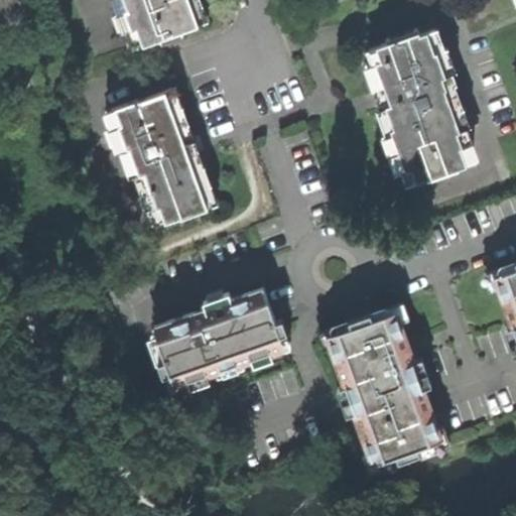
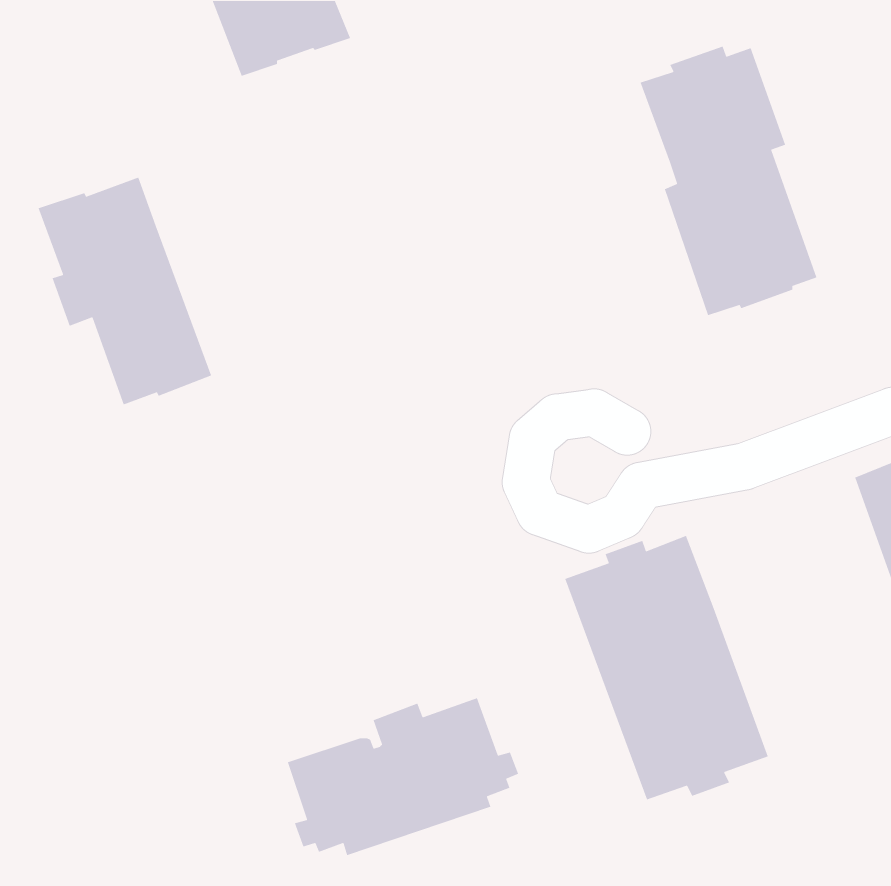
building: [113,93,214,225] -> [38,177,212,405]
building: [154,290,288,382] -> [287,697,519,856]

